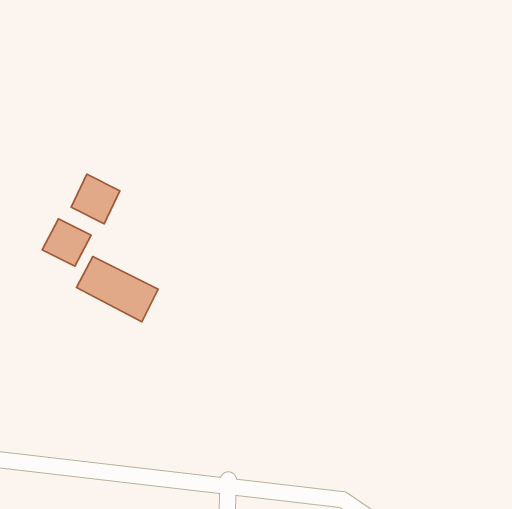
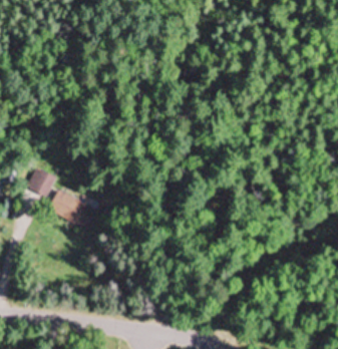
building: [71,174,120,224] -> none

